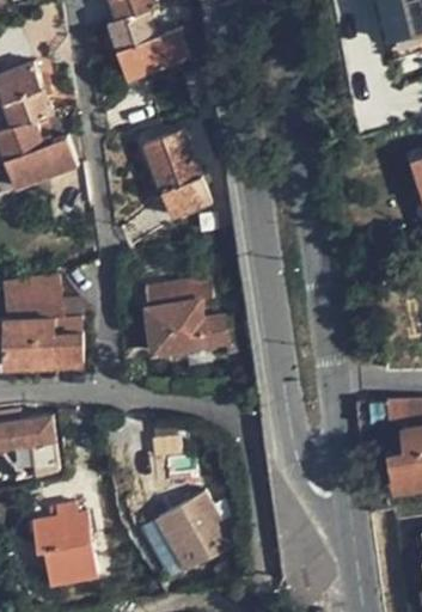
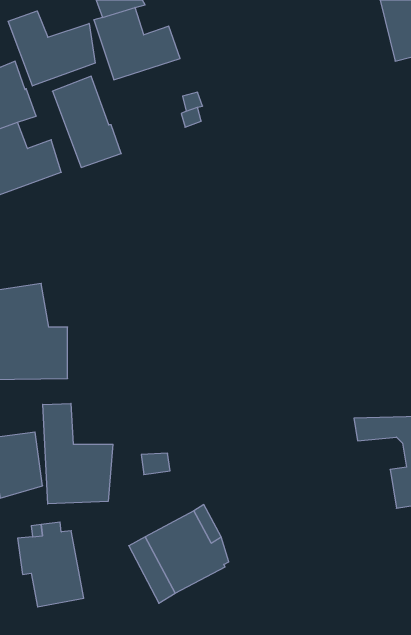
building: none -> [8,11,95,86]
building: [142,130,208,218] -> [52,76,121,167]
building: [142,280,243,355] -> none
building: none -> [43,403,113,504]

